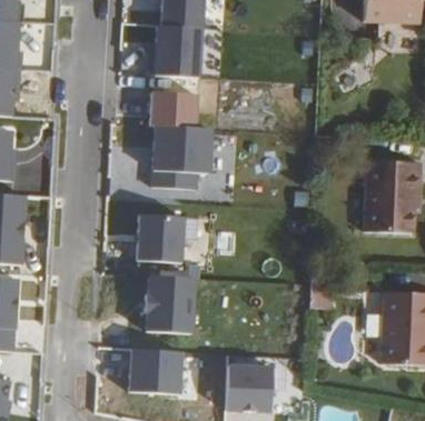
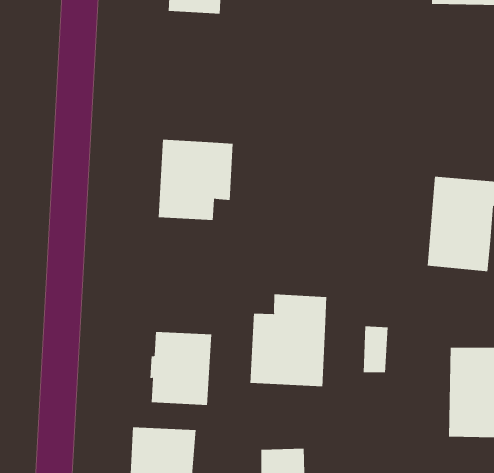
building: [146,26,201,78] -> none
building: [150,92,198,128] -> none
building: [137,214,184,263] -> none
building: none -> [250,294,327,387]

